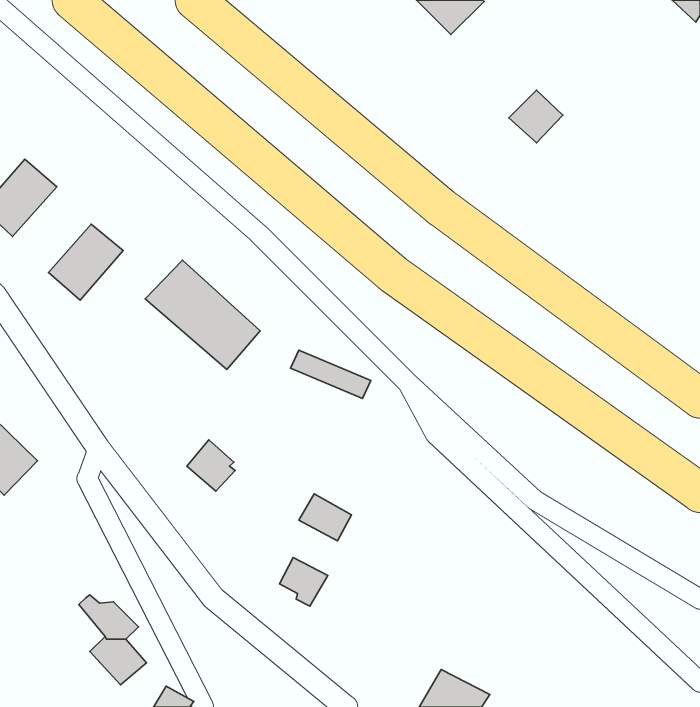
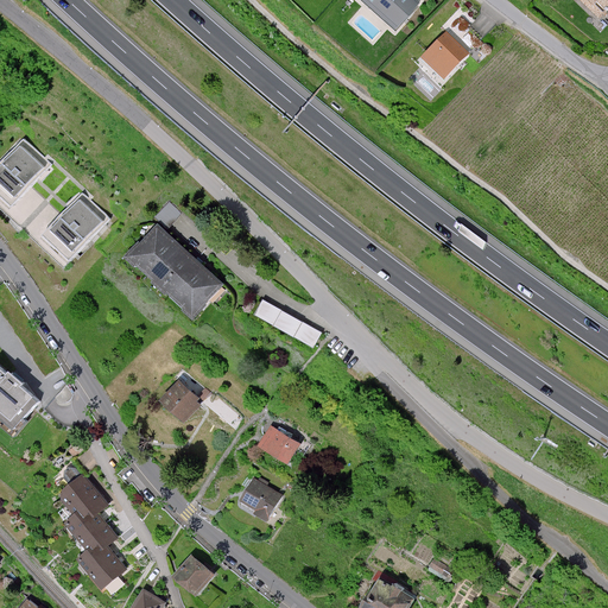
building: [509,90,563,143] -> [417,33,463,78]
building: none -> [62,473,108,518]
building: none -> [175,555,216,596]

